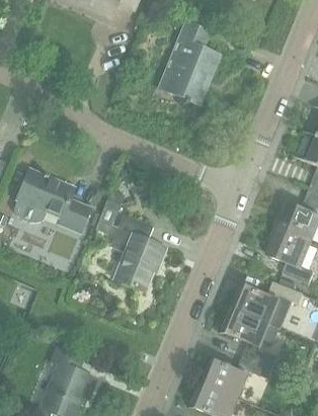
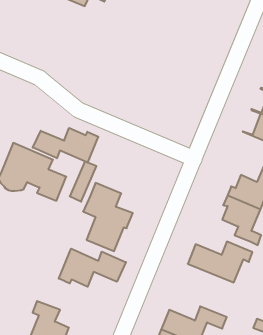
building: [159,21,215,103] -> none
building: none -> [33,128,98,163]
building: none -> [59,249,126,287]
building: [220,305,282,365] -> none

